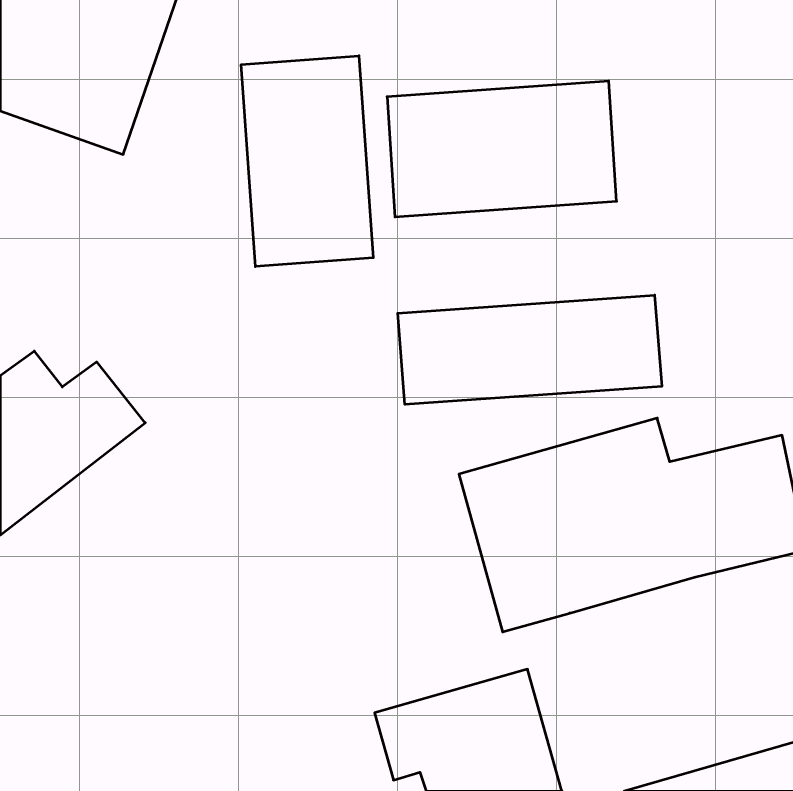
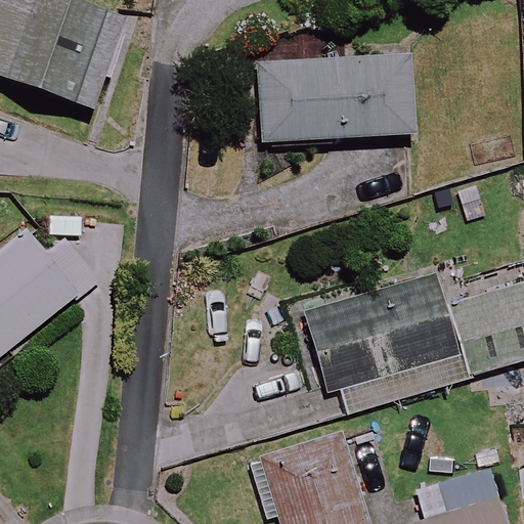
building: [241,56,373,267] -> none
building: [398,295,662,404] -> none

